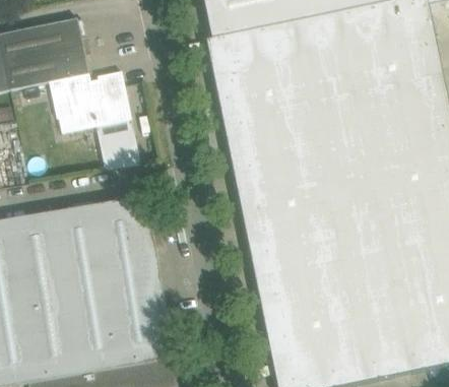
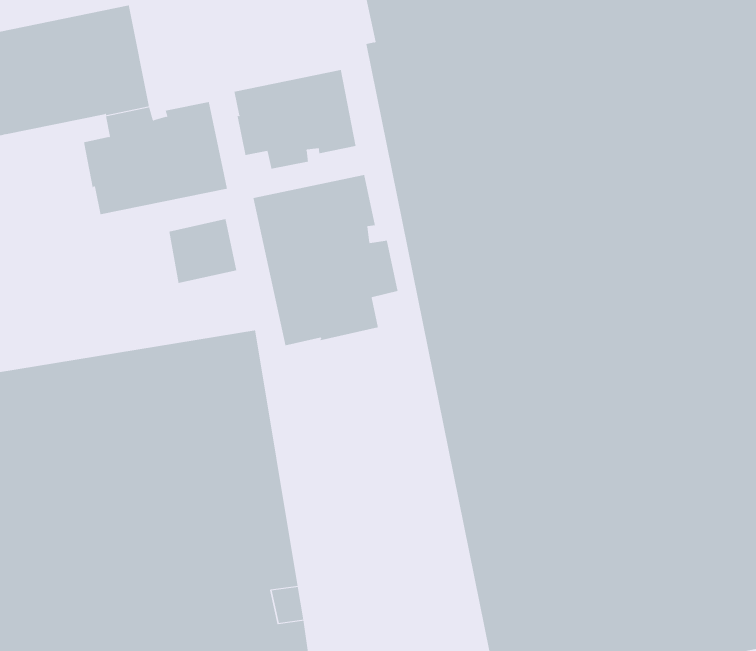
building: none -> [234,69,356,169]
building: none -> [253,174,398,346]

